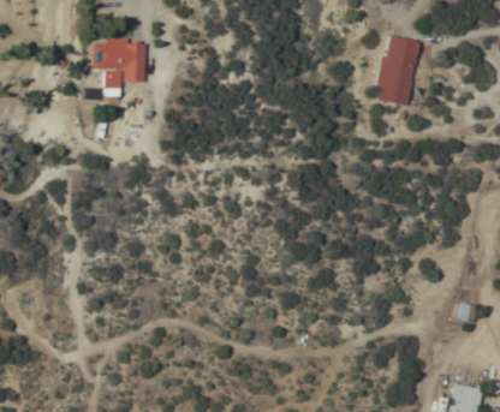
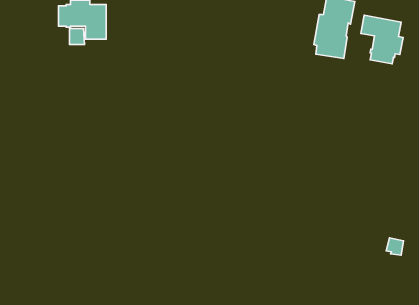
building: none -> [361,15,403,64]

